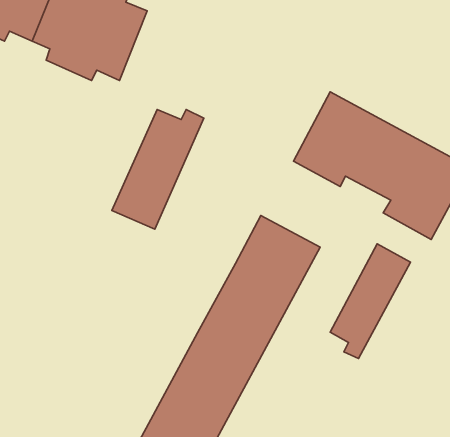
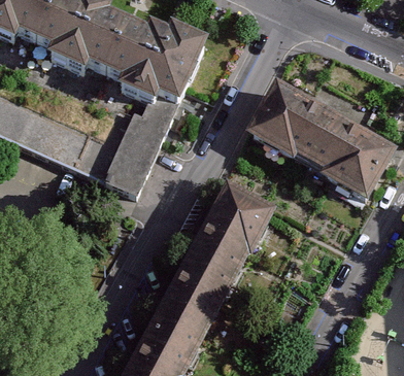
building: none -> [109,16,203,105]
building: [330,244,410,358] -> none

